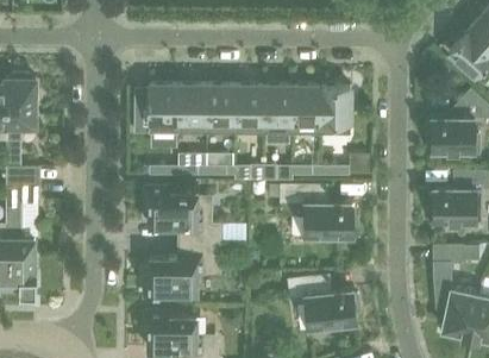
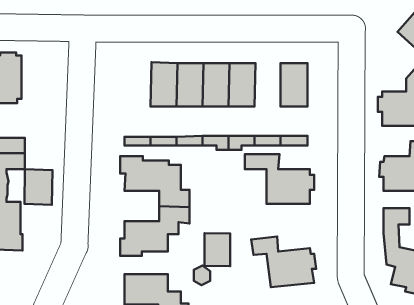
building: [148,84,177,133] -> none
building: [290,86,319,133] -> none
building: none -> [24,169,52,205]
building: none -> [205,233,230,266]

